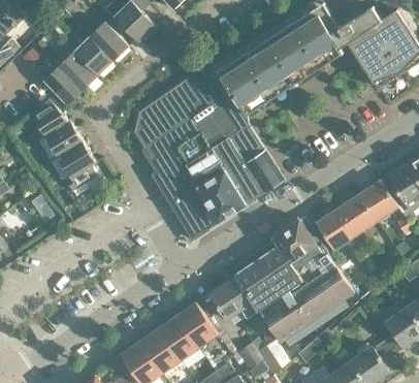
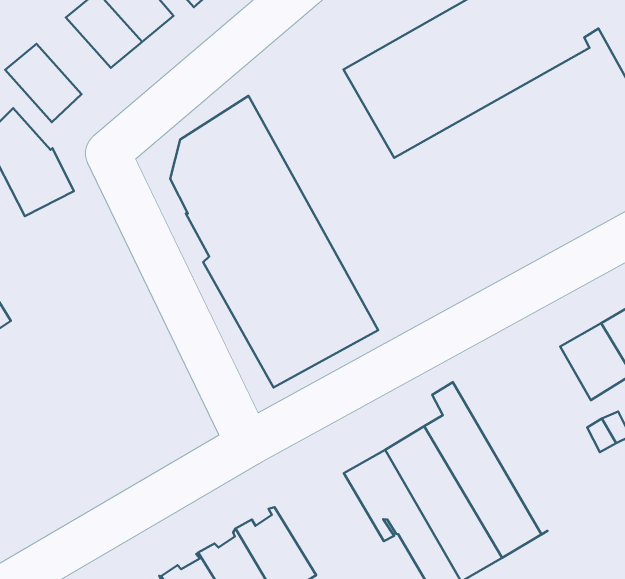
building: [58,53,97,92] -> none
building: [169,69,284,205] -> none
building: [57,142,96,193] -> none
building: [316,209,356,250] -> none
building: [285,220,355,305] -> none
building: [211,281,253,320] -> none

